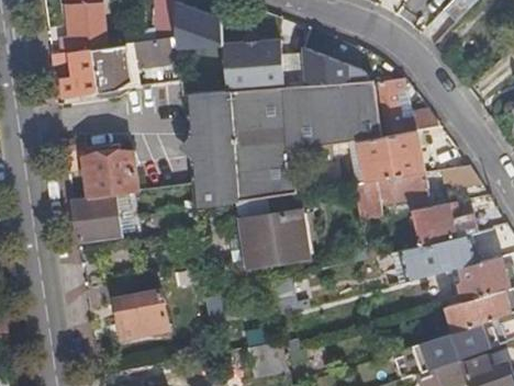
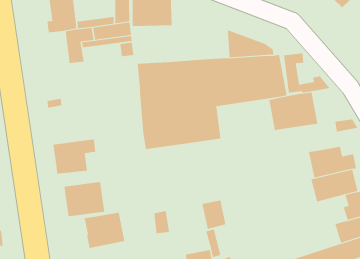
building: [222,41,305,91] -> none
building: [51,50,93,99] -> none
building: [82,151,137,198] -> [64,181,105,217]
building: [354,173,431,218] -> none
building: [236,193,310,265] -> none

